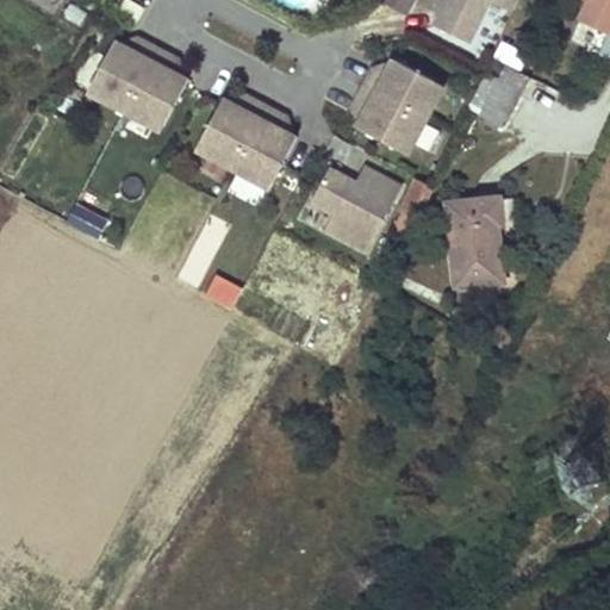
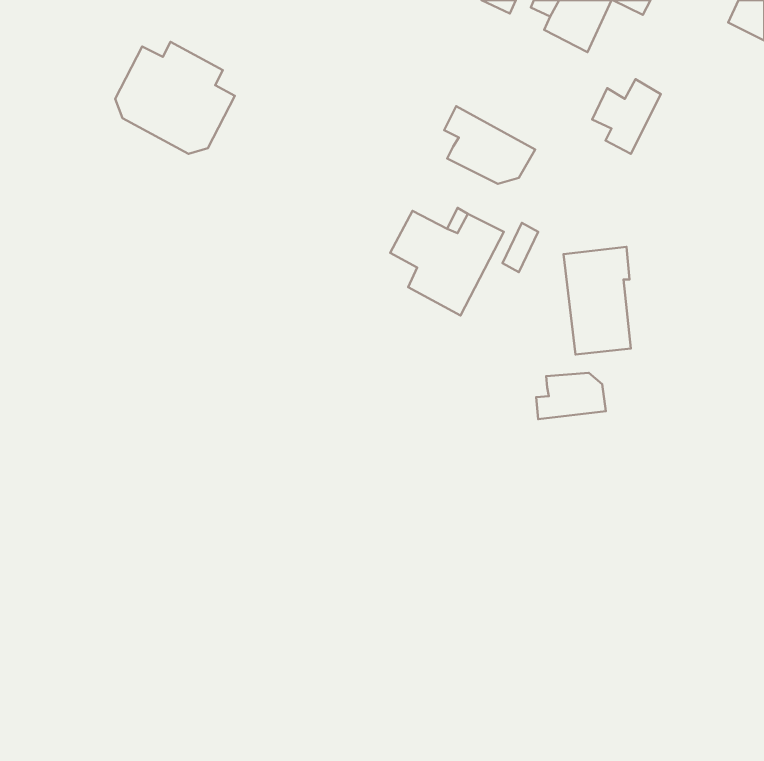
building: [363,60,438,122] -> none
building: [201,94,297,183] -> none
building: none -> [536,373,606,419]

